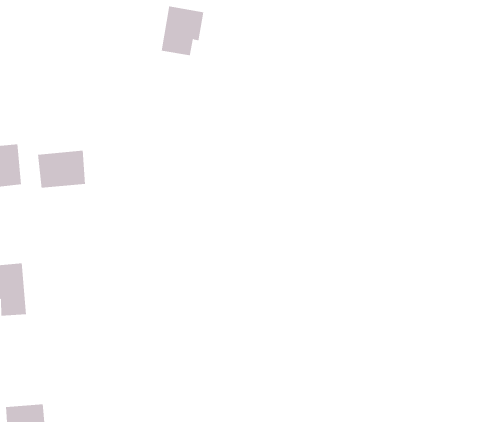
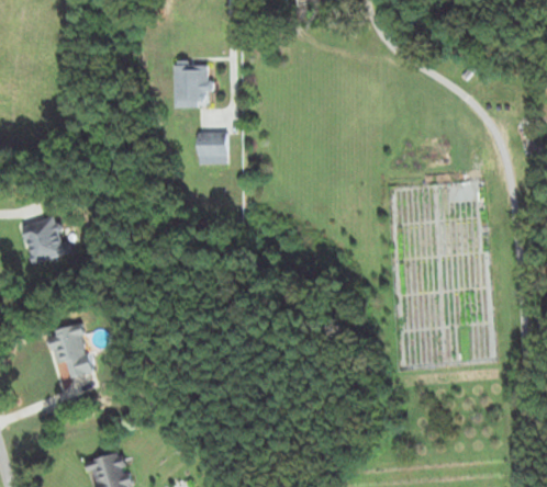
building: none -> [199,133,226,162]
building: [38,150,86,189] -> none

